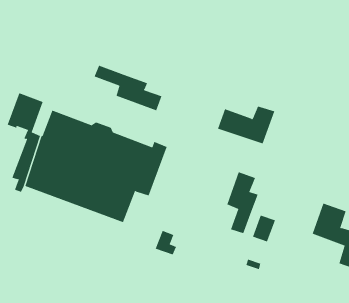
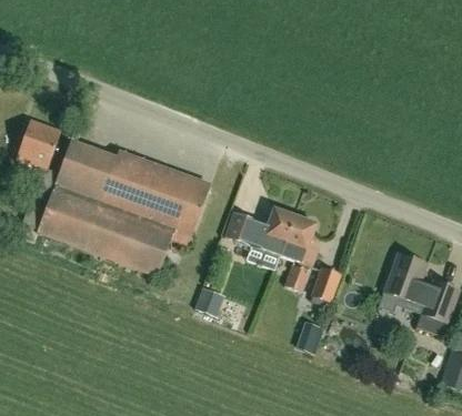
building: [94,65,162,111] -> none
building: [217,106,275,144] -> [225,207,295,254]

